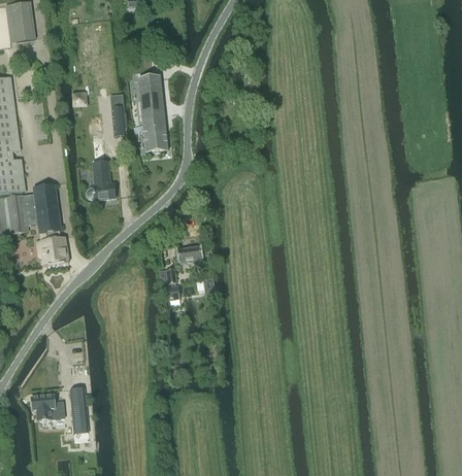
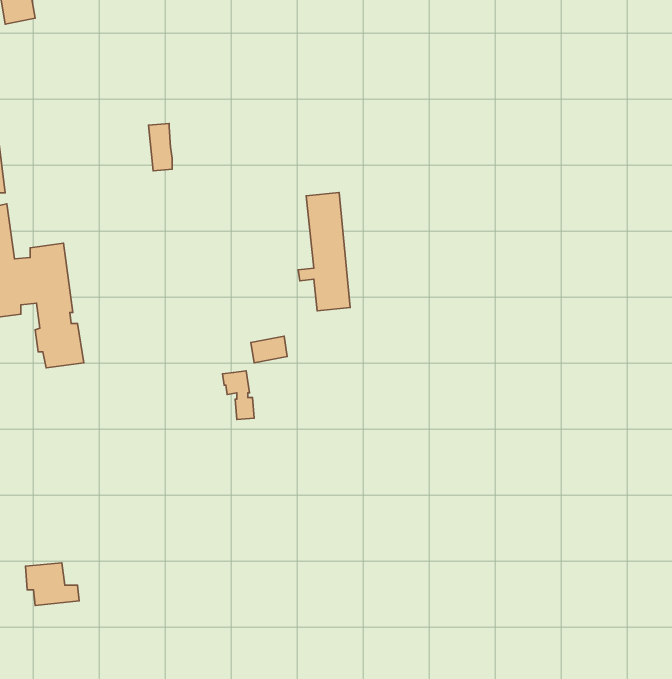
building: [133,74,167,151] -> [298,193,350,311]
building: [87,161,112,198] -> none
building: [69,386,88,423] -> none

